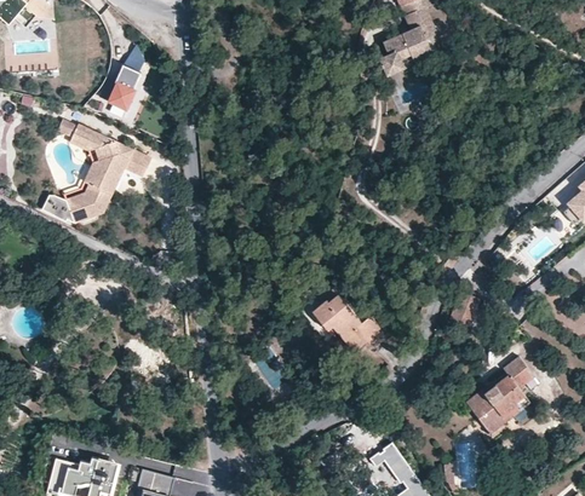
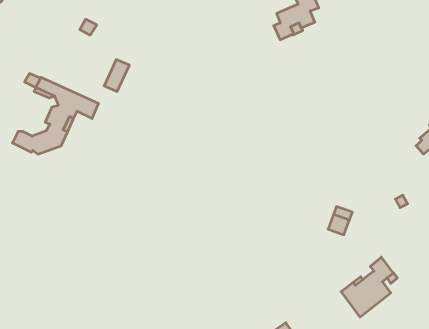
building: [108,69,140,110] -> [104,60,129,91]
building: [310,293,382,352] -> none

